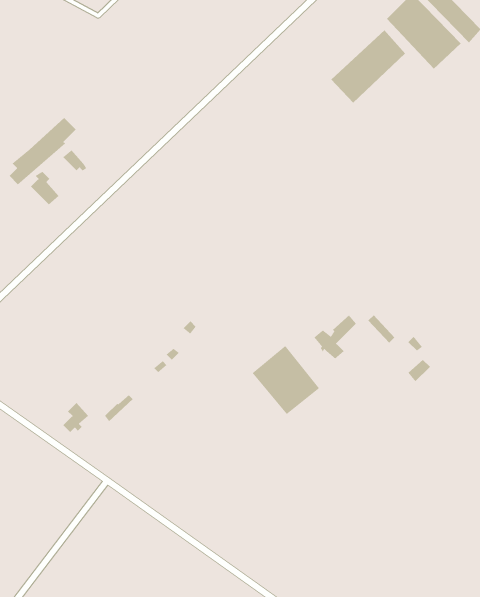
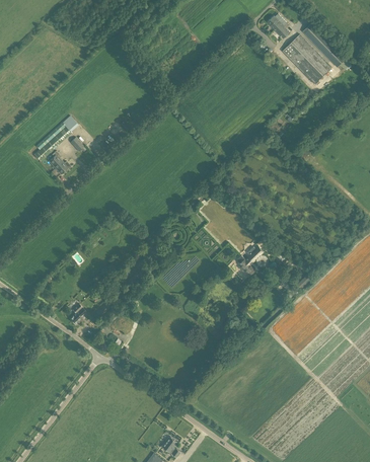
building: [330,29,406,104] -> none
building: [252,345,320,415] -> none

